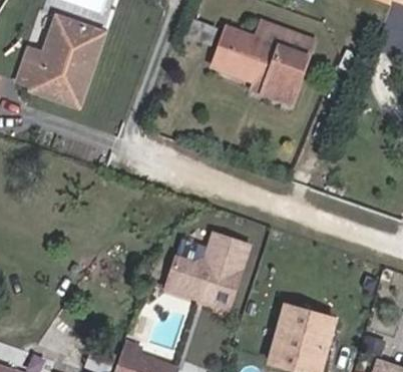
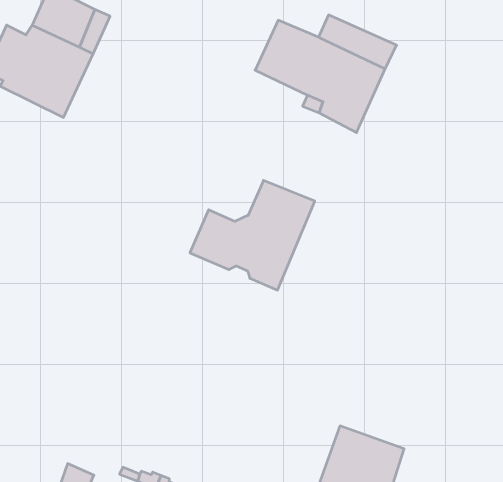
building: [162,235,248,311] -> [190,180,315,290]

